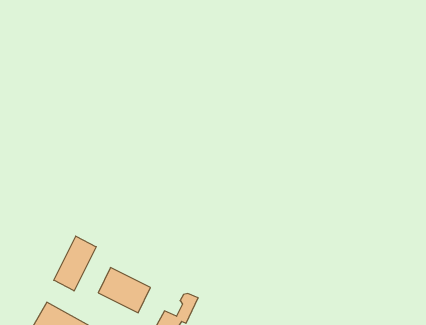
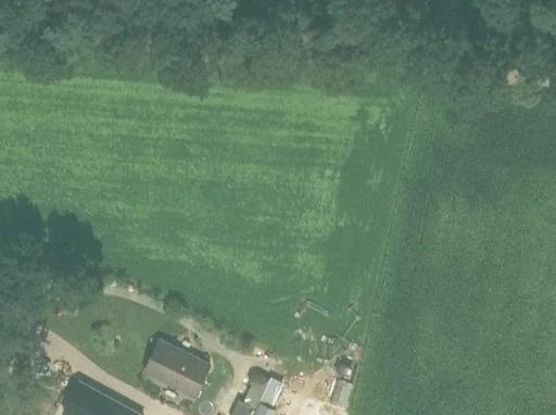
building: [54,236,96,291] -> none

